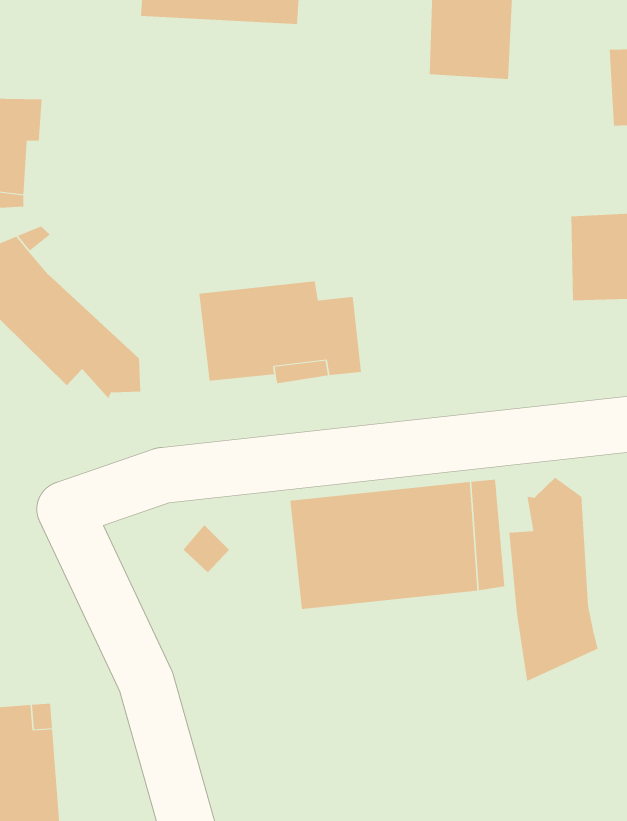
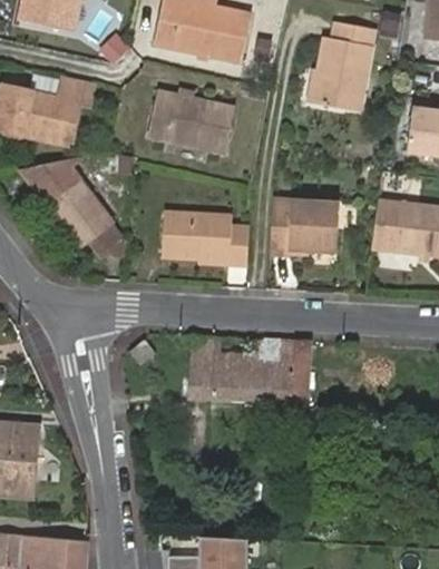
building: none -> [145,89,233,155]
building: none -> [266,200,336,255]
building: [509,477,598,682] -> none

